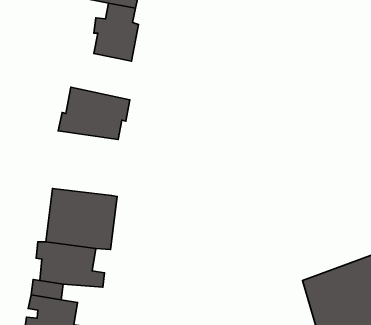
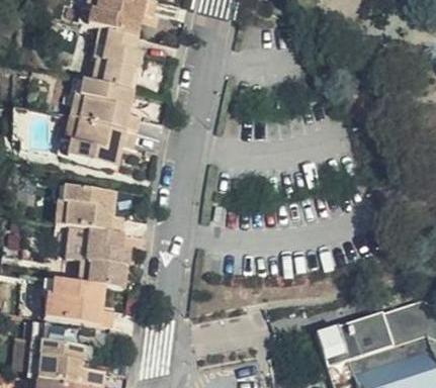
building: none -> [75,86,141,138]
building: none -> [54,192,120,238]

